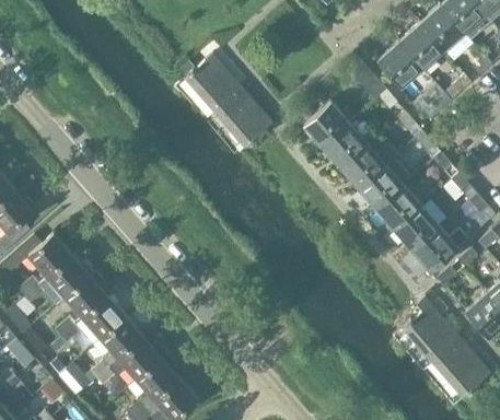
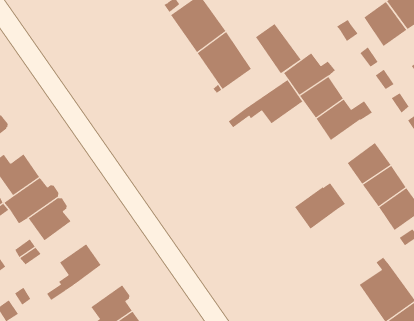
building: none -> [255,23,301,74]
building: none -> [228,79,303,128]
building: [358,160,409,209] -> [294,183,346,230]
building: [82,296,125,339] -> none
building: [95,337,165,386] -> none

